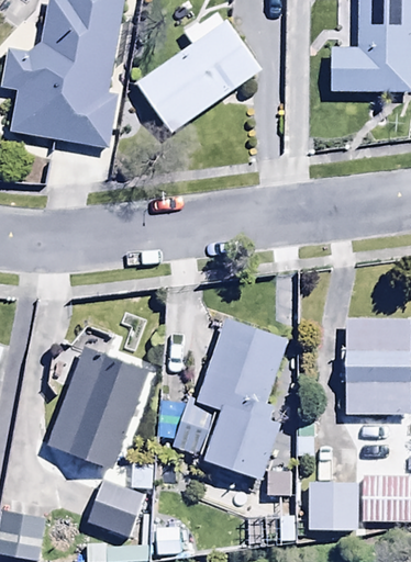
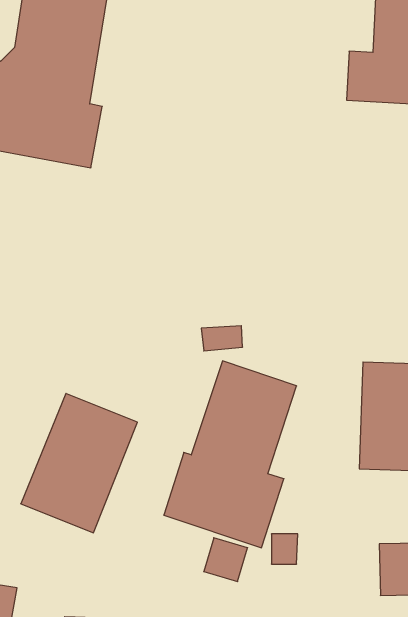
building: [137,12,262,133] -> none
building: [88,477,147,536] -> none
building: [308,484,356,530] -> none

